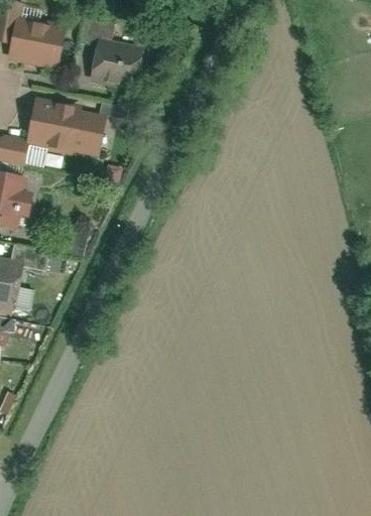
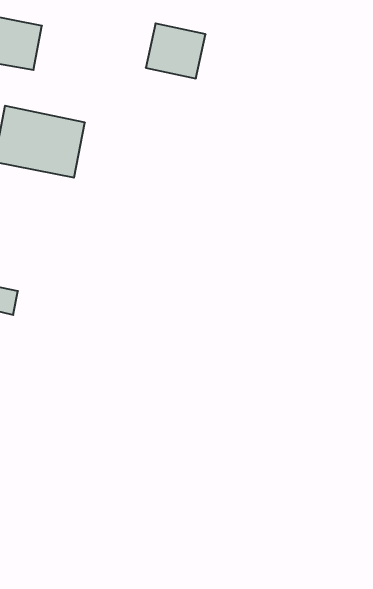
building: [87,43,137,90] -> [146,23,206,78]

